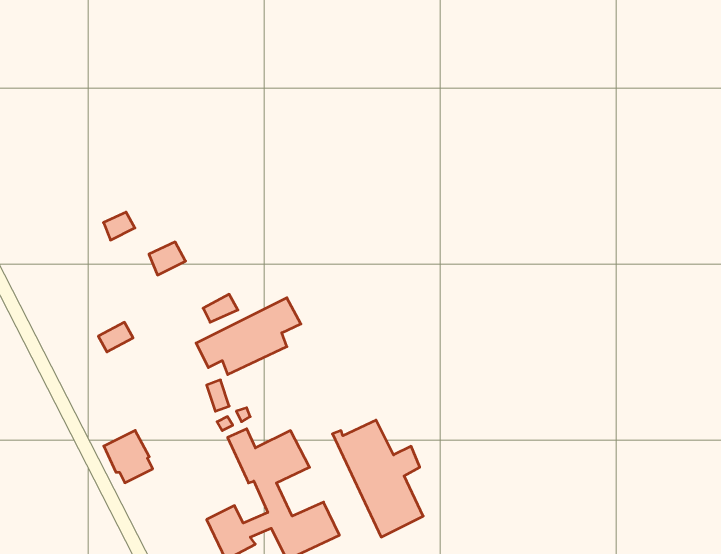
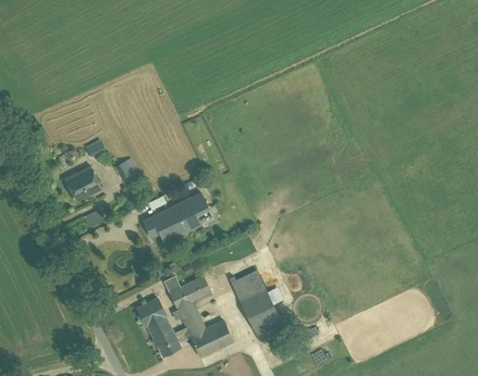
building: none -> [64,166,101,201]
building: [104,430,153,483] -> [137,299,168,331]

